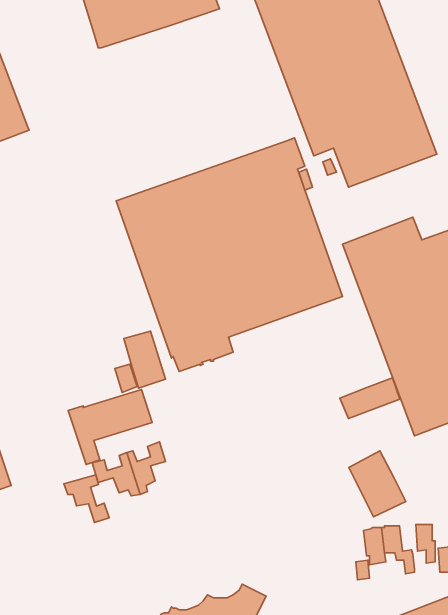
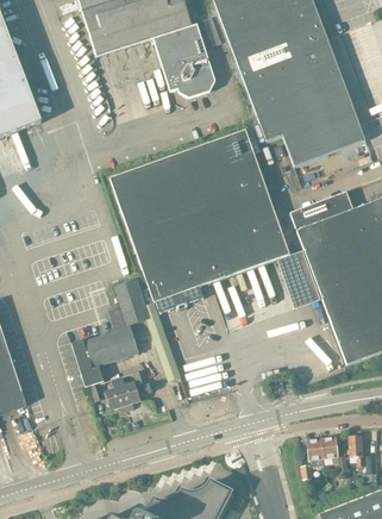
building: none -> [152,24,214,98]
building: [340,378,400,419] -> none
building: [349,451,406,517] -> none
building: [64,475,109,523] -> none

